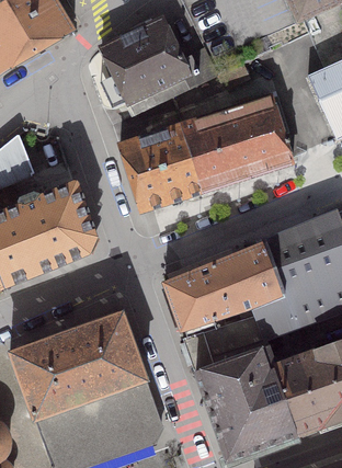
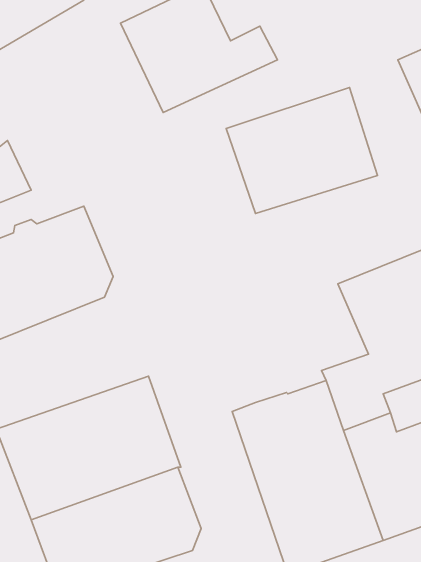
building: [119,126,202,209] -> none
building: [164,242,286,331] -> none

